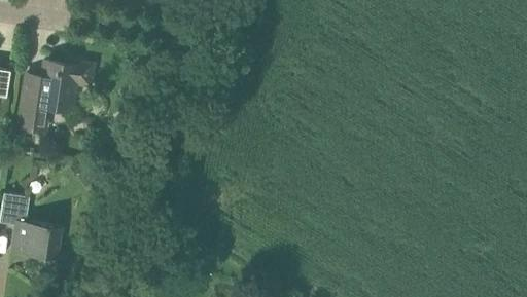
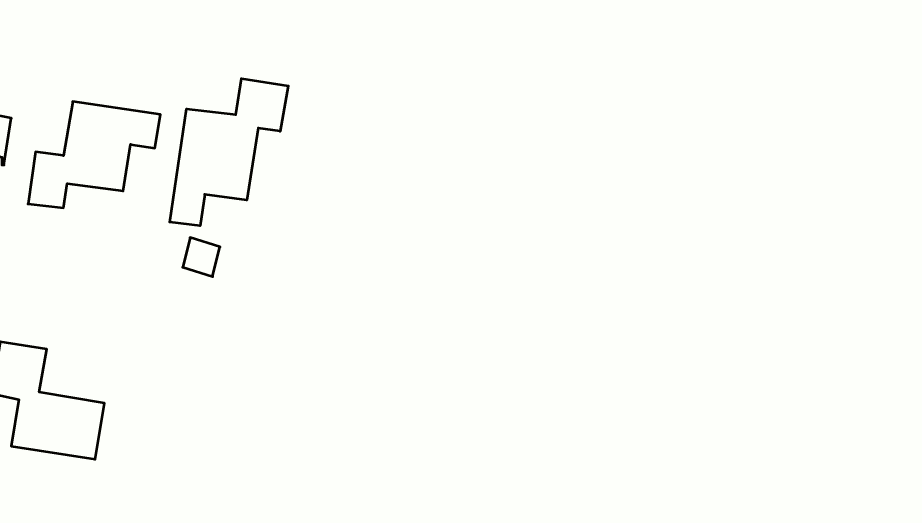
building: none -> [170,79,288,226]

